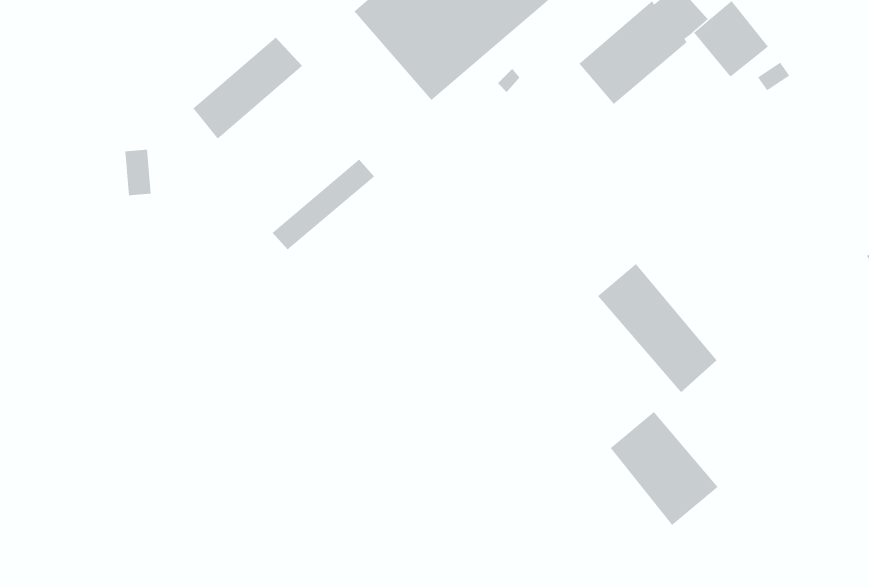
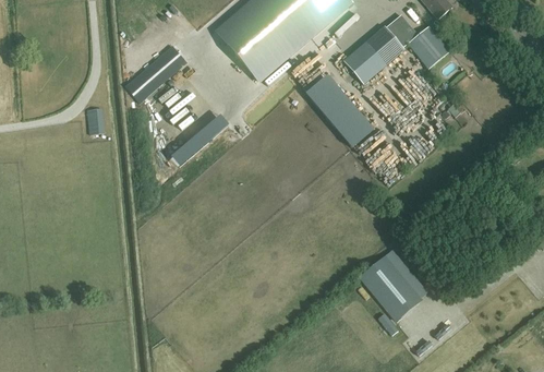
building: [597,263,718,393] -> [305,73,373,146]

